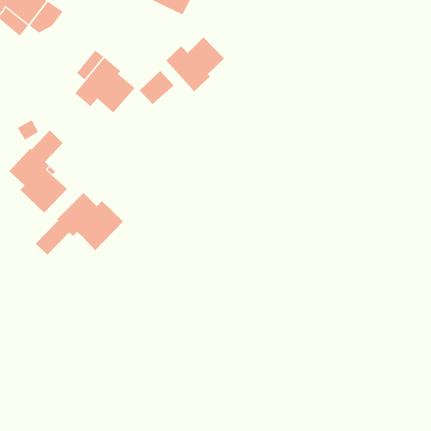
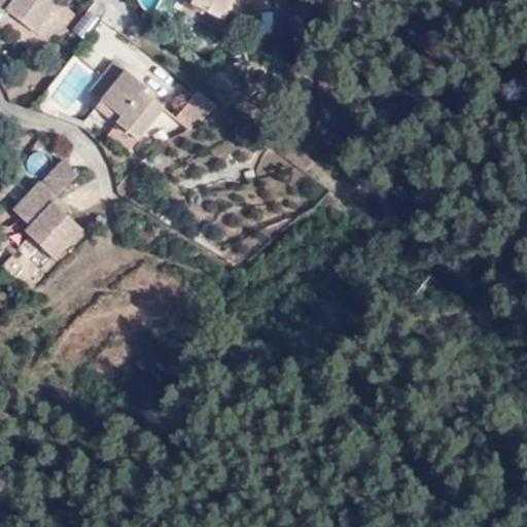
building: [165,37,225,92] -> none
building: [35,192,124,256] -> none

